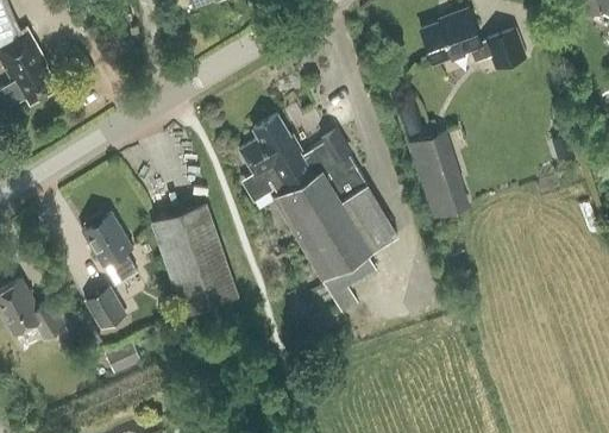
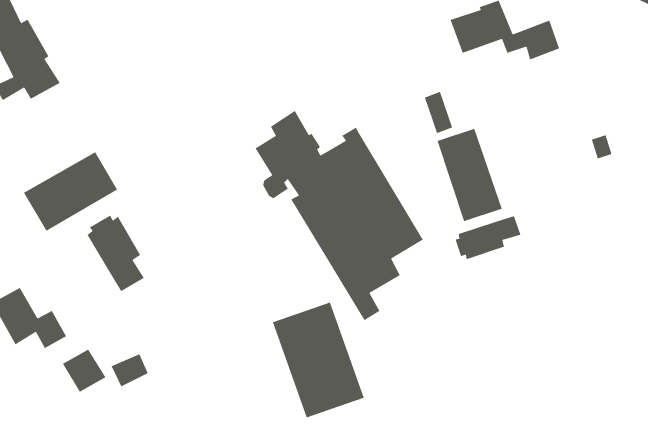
building: none -> [23,151,118,232]
building: [151,203,238,313] -> [272,301,365,419]
building: none -> [455,215,521,260]
building: [84,287,126,328] -> [62,348,106,393]

